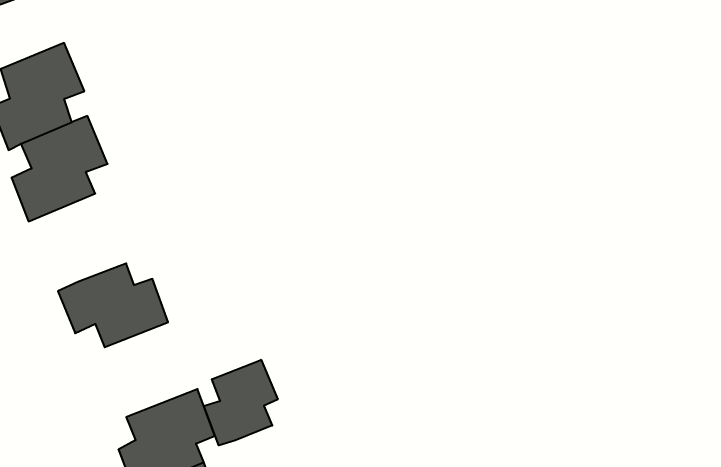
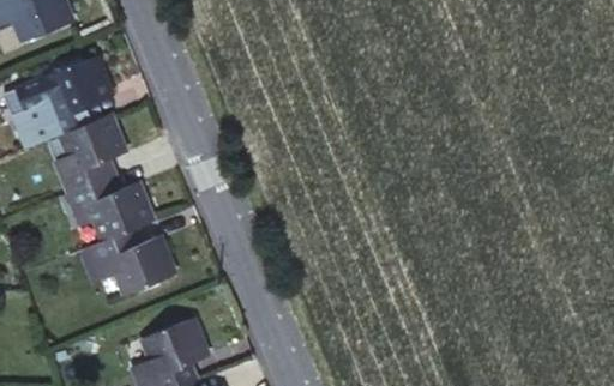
building: none -> [64,170,151,239]
building: [204,360,278,445] -> none

